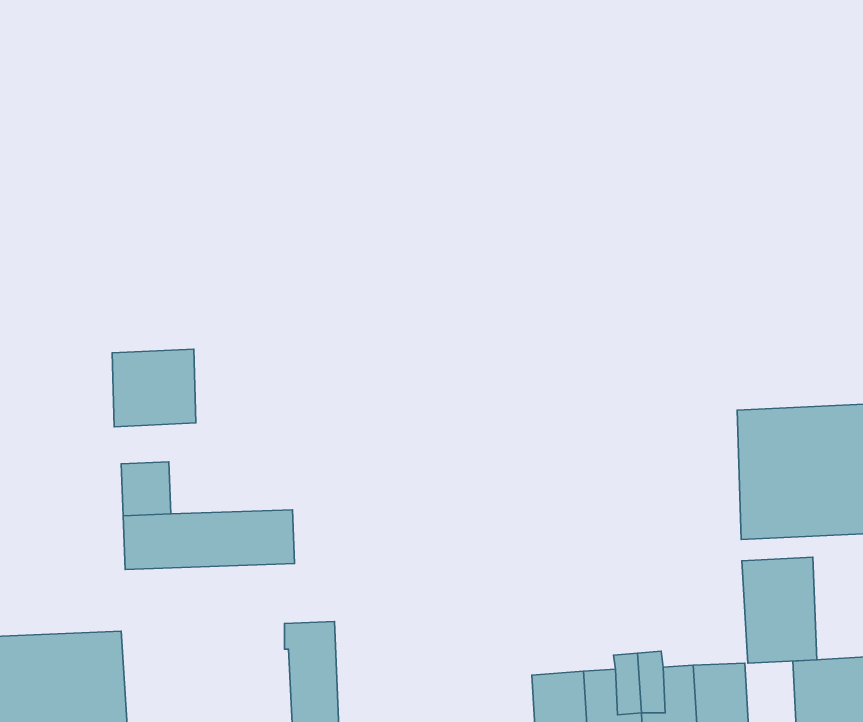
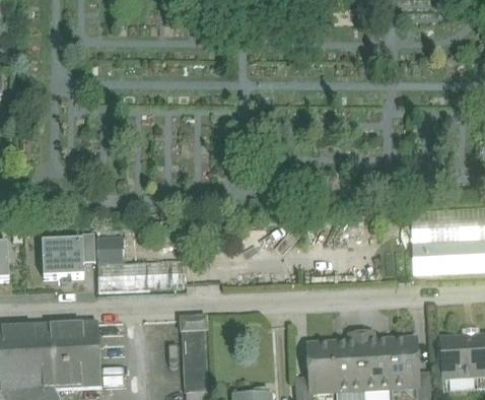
building: [112,349,196,427] -> [42,238,84,277]
building: [742,557,817,663] -> none

